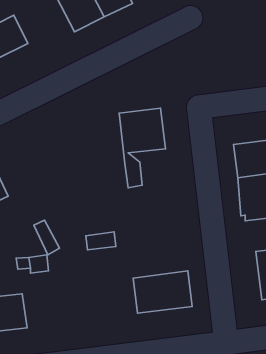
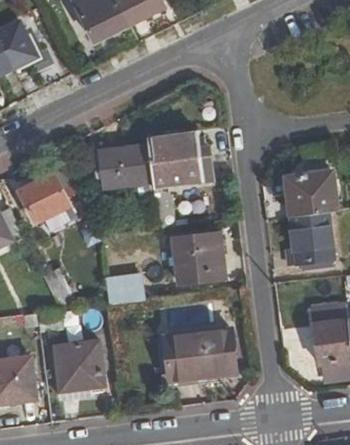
building: none -> [96,146,154,202]
building: none -> [18,173,70,222]
building: none -> [172,233,223,282]
building: none -> [54,340,104,390]

